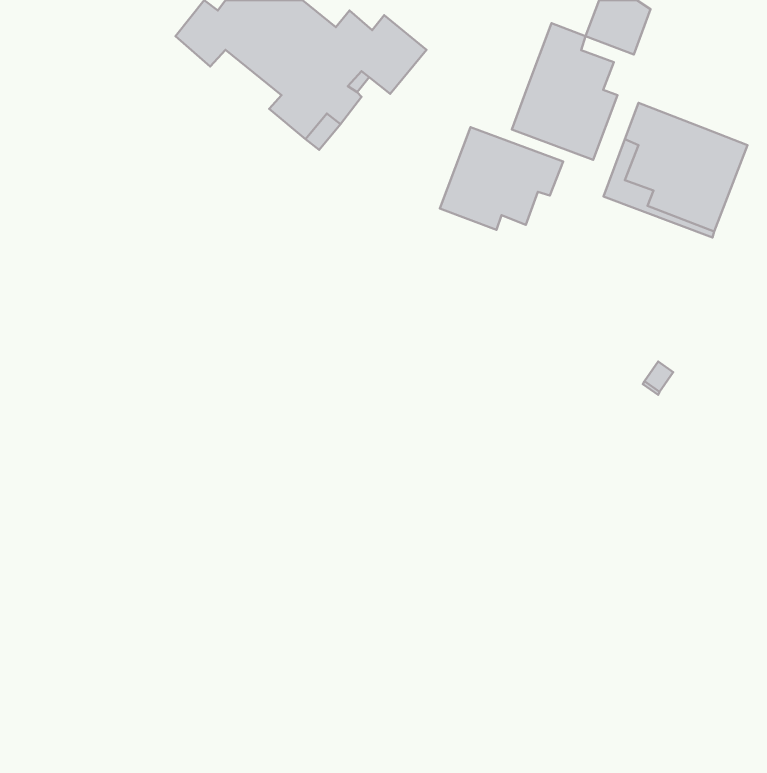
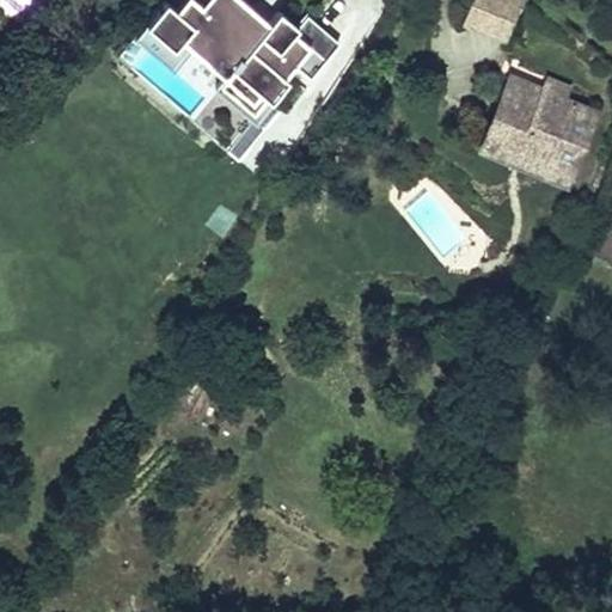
building: [512,23,617,160] -> none
building: [440,127,563,230] -> none

